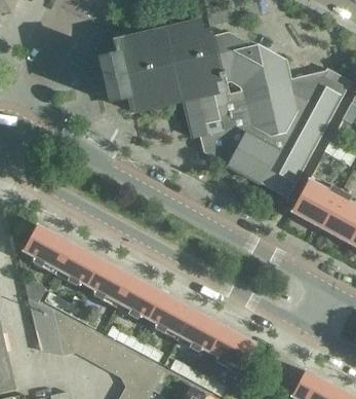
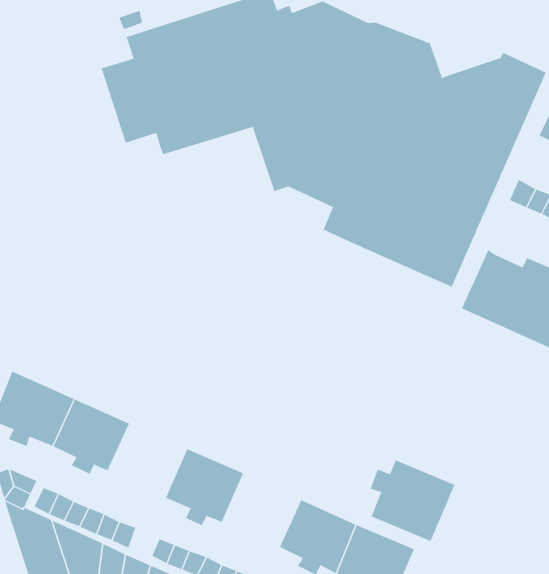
building: [86,259,131,302] -> none
building: none -> [370,460,455,542]
building: [148,292,193,335] -> none

